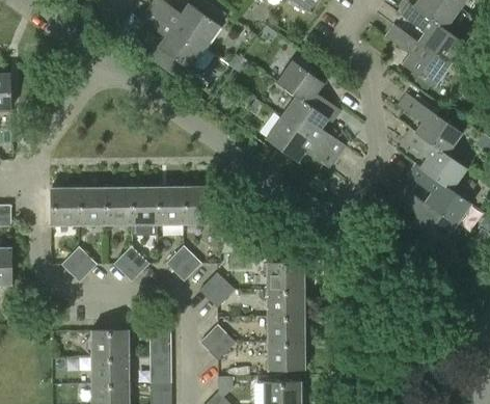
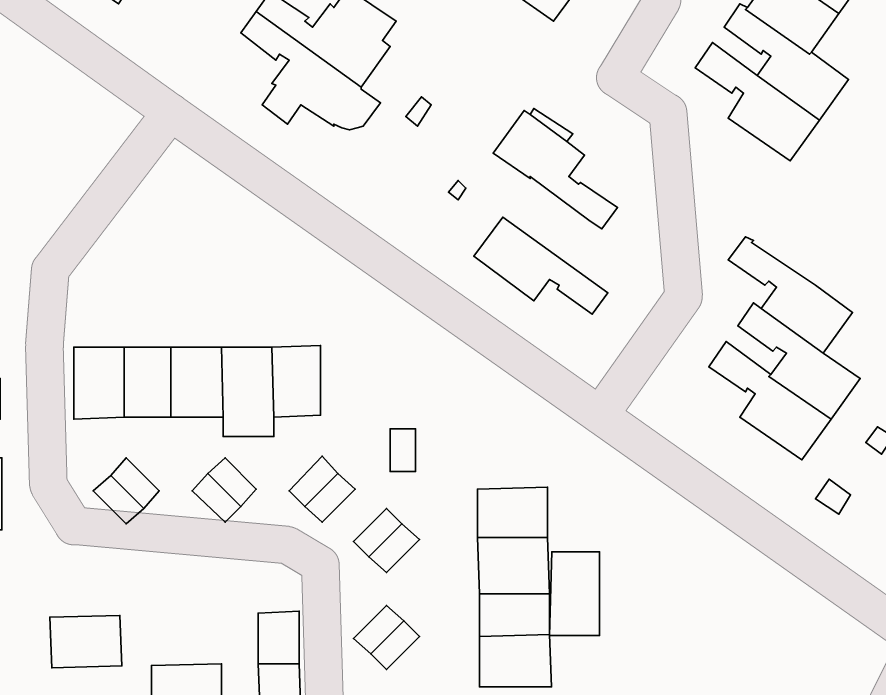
building: [397,93,462,154] -> none
building: [280,96,345,158] -> none
building: [183,186,210,223] -> none
building: none -> [550,552,599,635]
building: [91,329,130,357] -> [50,615,122,668]

